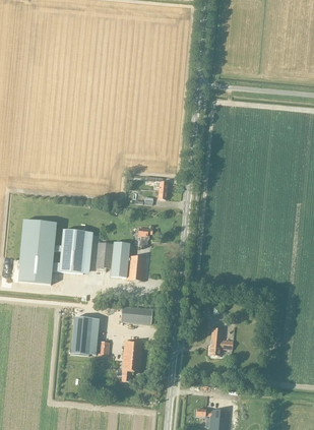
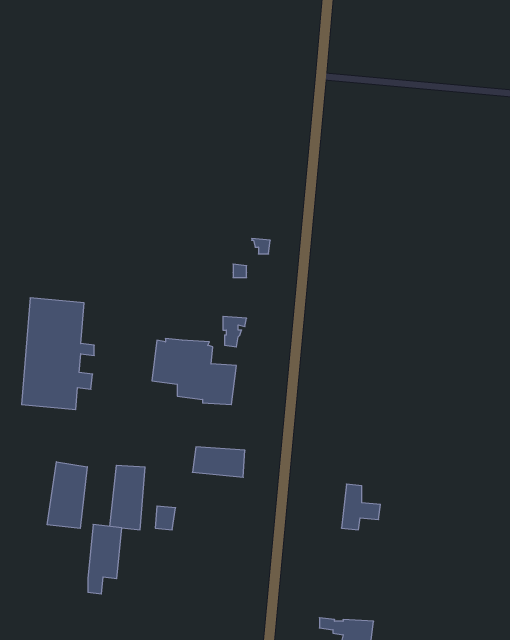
building: [60,230,87,273] -> none
building: none -> [47,462,87,528]
building: [123,340,143,381] -> [88,524,122,594]

